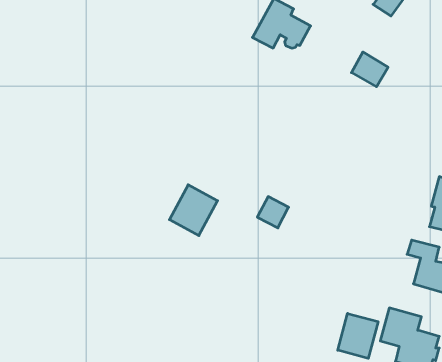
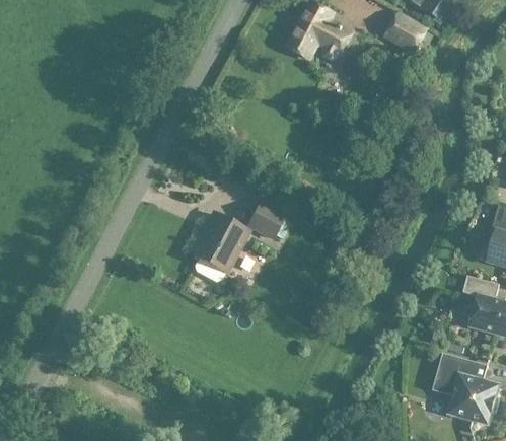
building: [351,52,388,87] -> [385,12,427,52]
building: [257,197,289,228] -> [248,202,284,237]
building: [338,313,378,358] -> none

